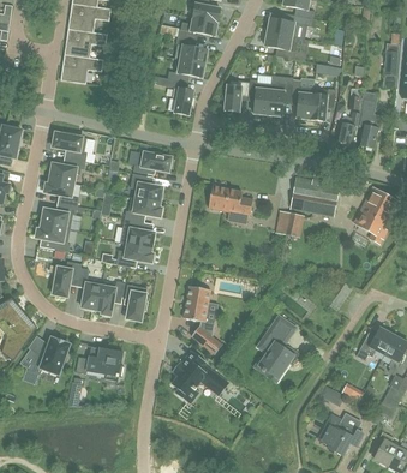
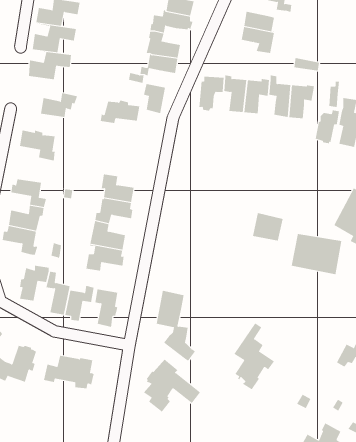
building: [132,150,170,173] -> [100,100,140,124]
building: [49,157,85,181] -> [40,93,78,118]
building: [289,176,339,216] -> [291,233,342,275]
building: [208,185,252,215] -> none

